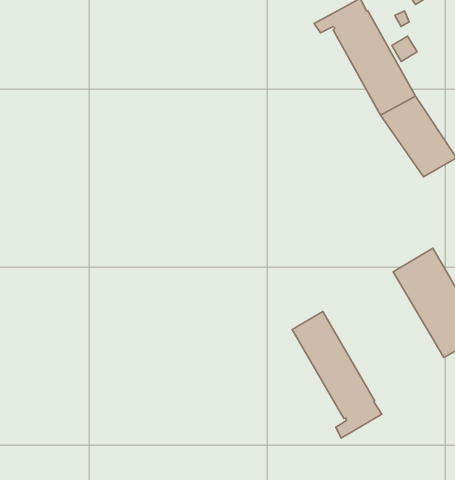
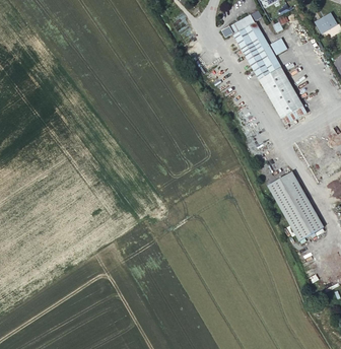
building: [292,311,382,438] -> none

